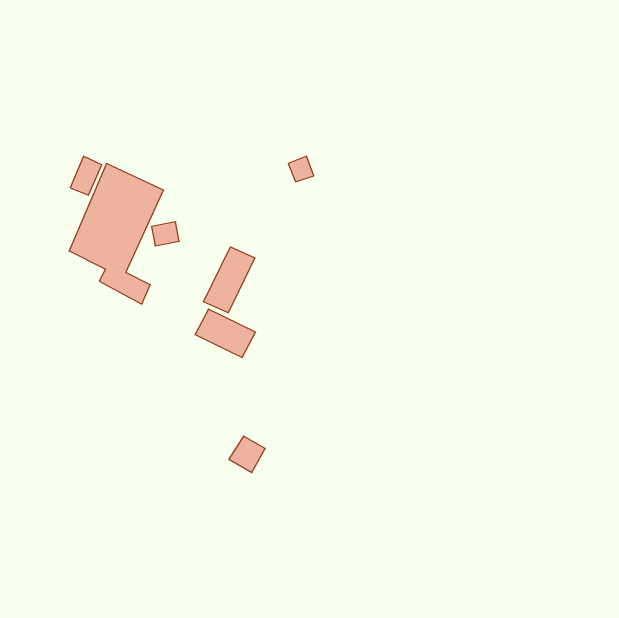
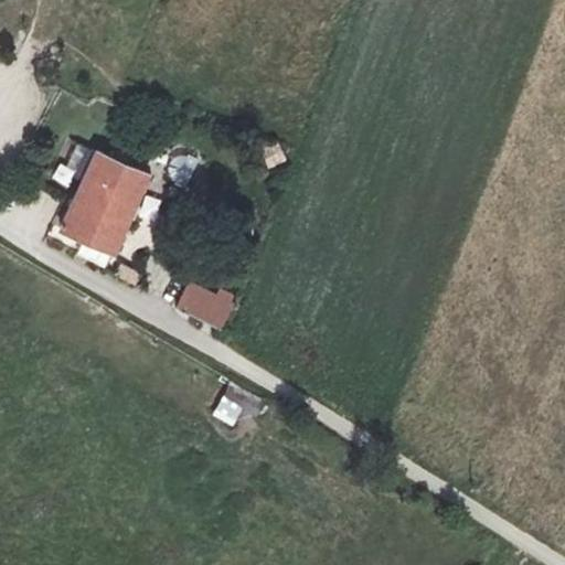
building: [204,247,255,313] -> none

